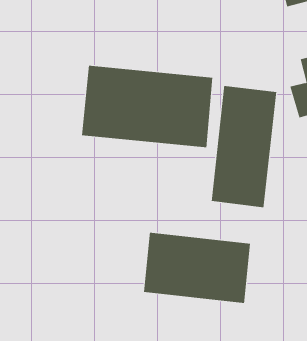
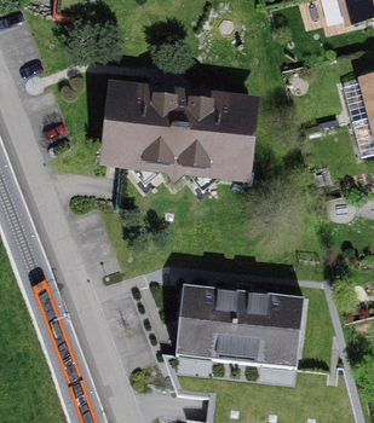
building: [211,85,277,208] -> none

